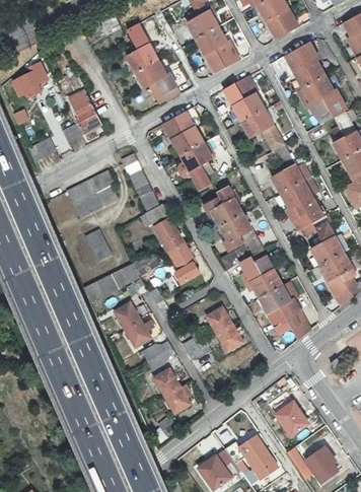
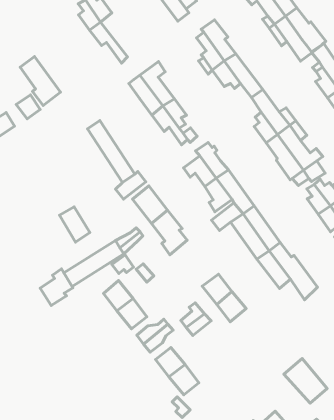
building: [145,57,179,98] -> none
building: [68,168,119,215] -> none
building: none -> [40,269,73,305]

